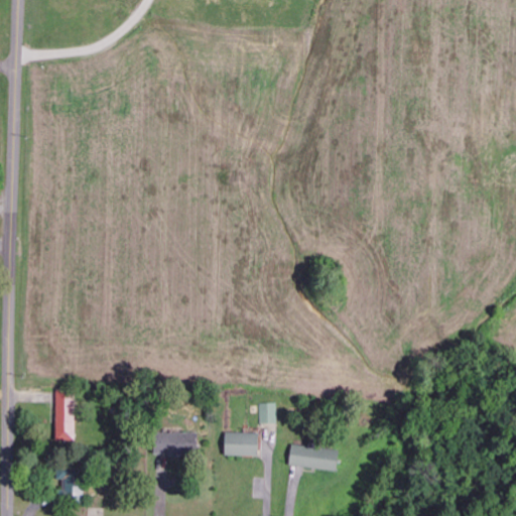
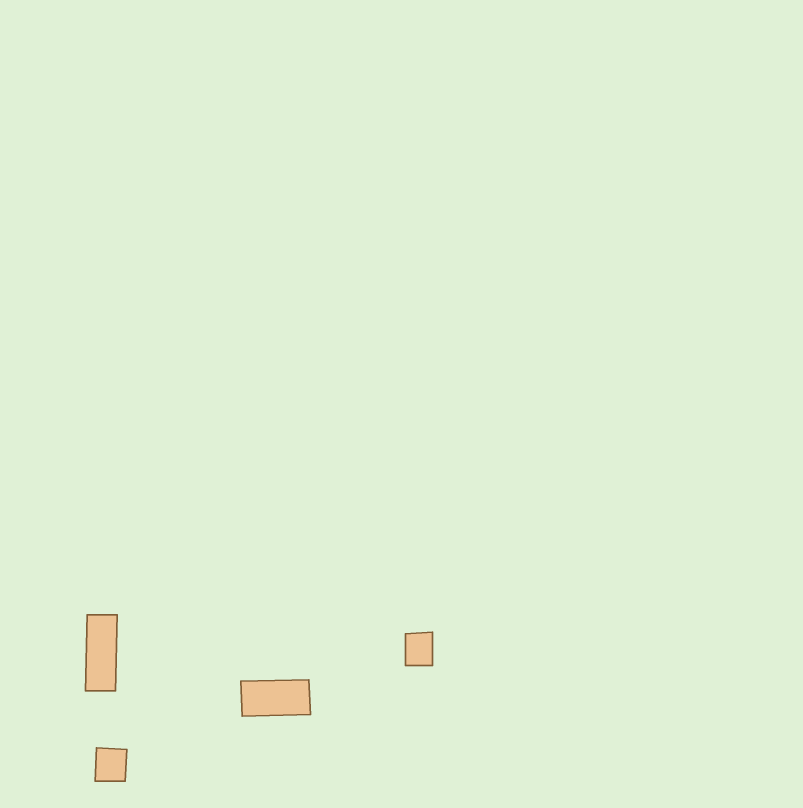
building: [224,432,259,456] -> none
building: [288,446,338,468] -> none

